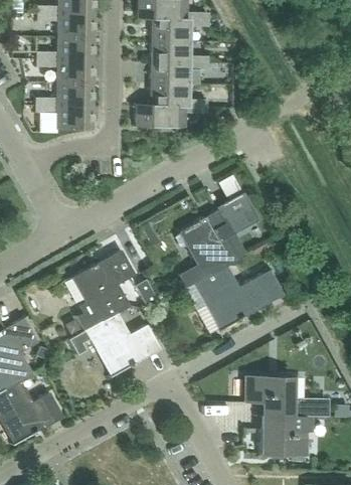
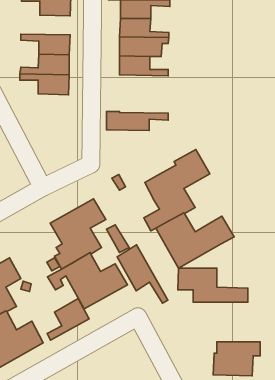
building: [37,37,95,60] -> none
building: [137,106,208,128] -> [107,111,168,131]
building: none -> [117,245,168,303]
building: none -> [47,299,89,340]
building: [246,377,328,417] -> [178,268,248,302]

